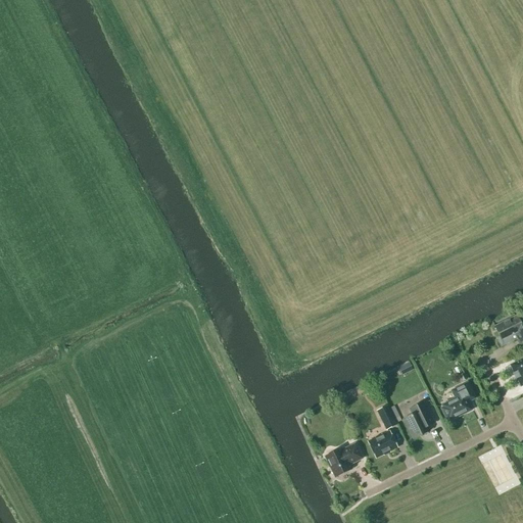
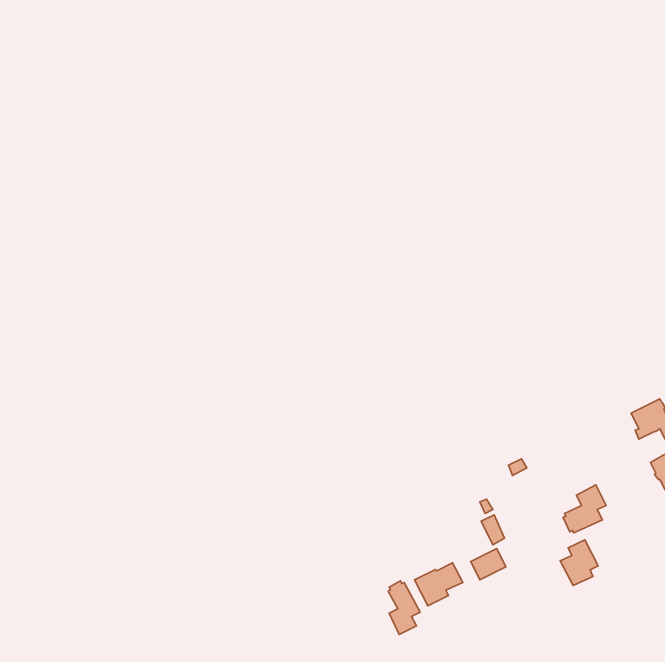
building: [405,400,434,436] -> [560,540,598,585]
building: none -> [388,581,420,635]

